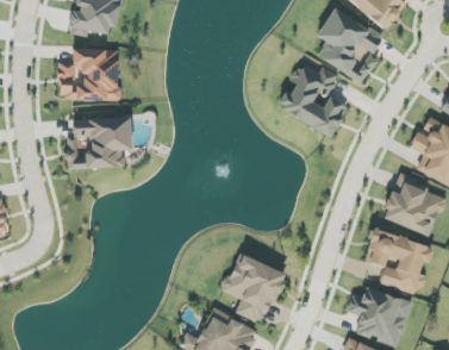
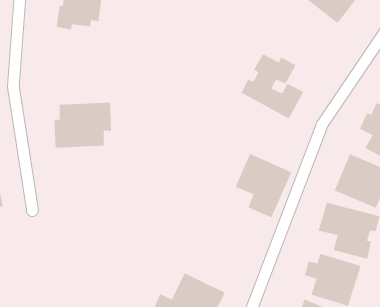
building: [317,8,382,83] -> none
building: [58,49,119,100] -> none
building: [222,252,286,325] -> [235,153,292,218]

